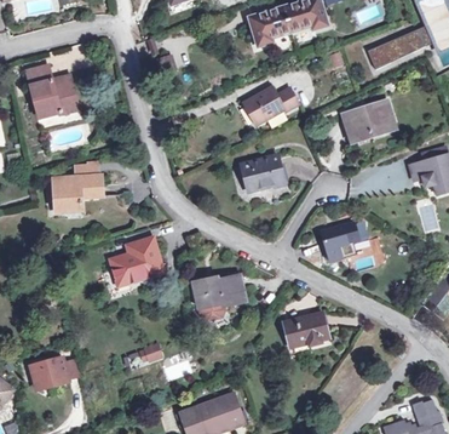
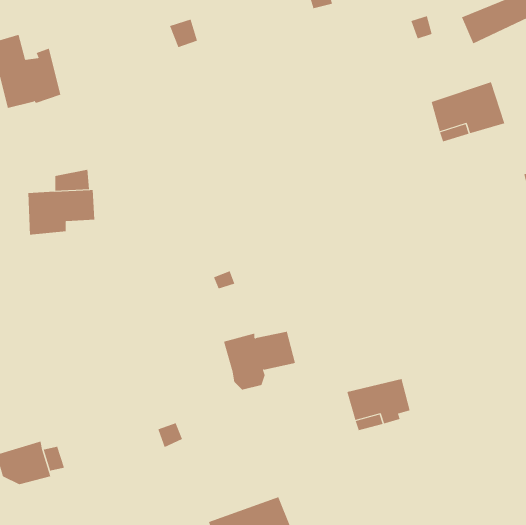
building: [242,85,298,124] -> none
building: [241,156,283,189] -> none
building: [320,221,357,261] -> none
building: [109,238,160,285] -> none

